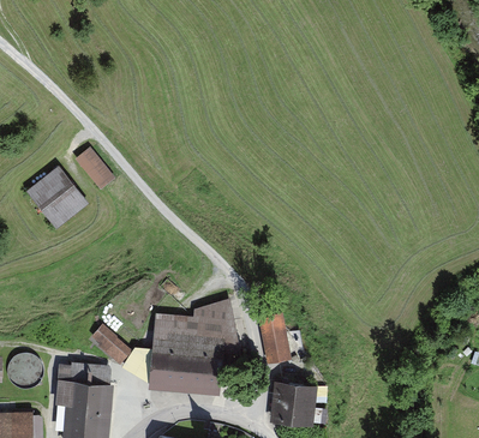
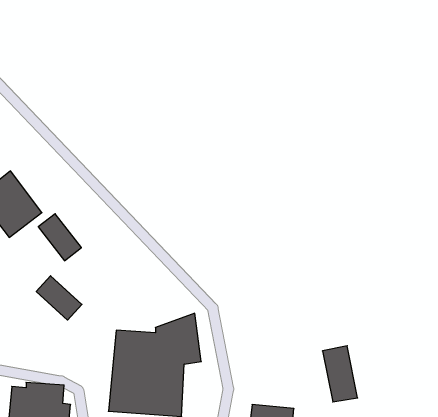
building: [77,149,116,192] -> [38,214,81,261]
building: [259,313,292,365] -> [322,346,358,402]
building: [89,323,131,364] -> [36,276,82,320]

